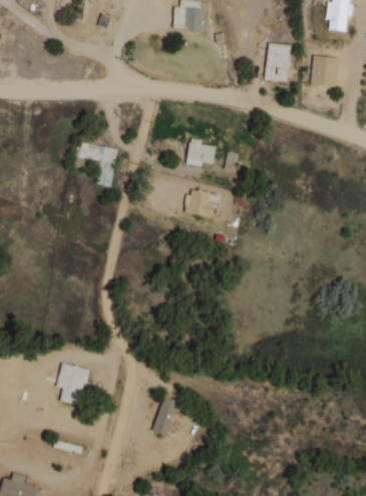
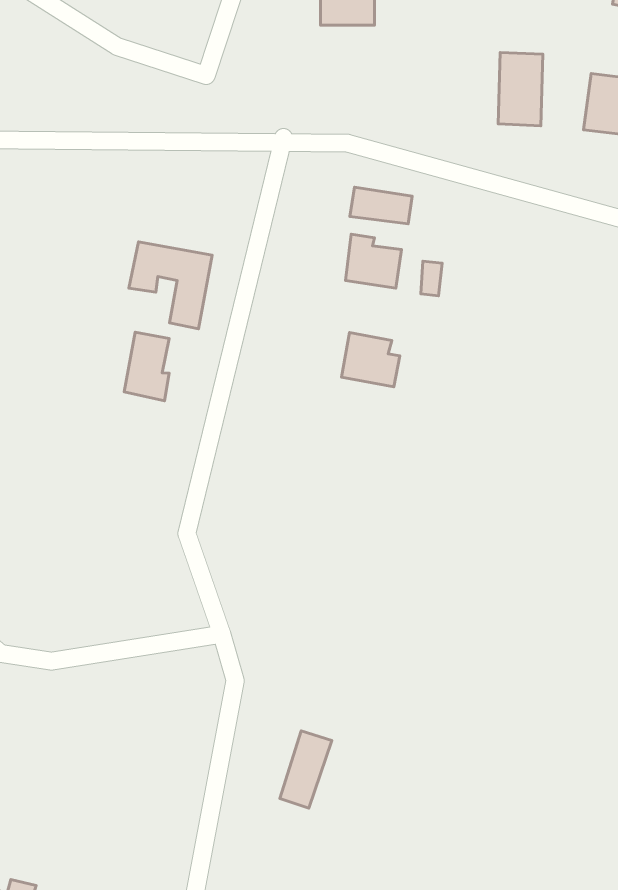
building: none -> [350,187,412,224]
building: none -> [124,332,169,401]
building: [56,363,88,406] -> none

